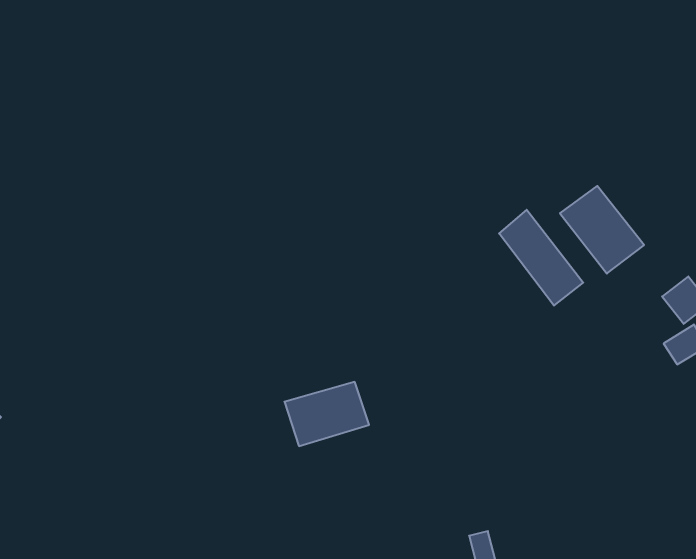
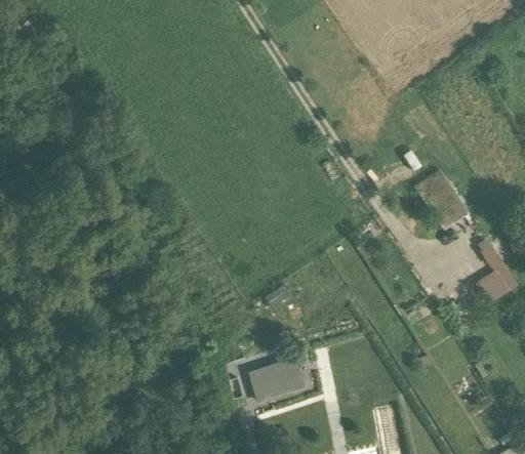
building: [499,210,583,306] -> none
building: [284,382,369,446] -> [247,360,305,401]

